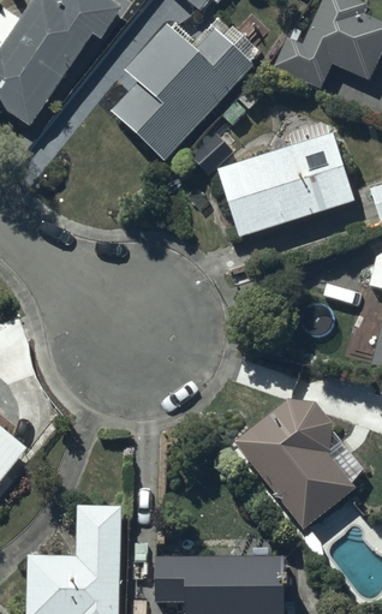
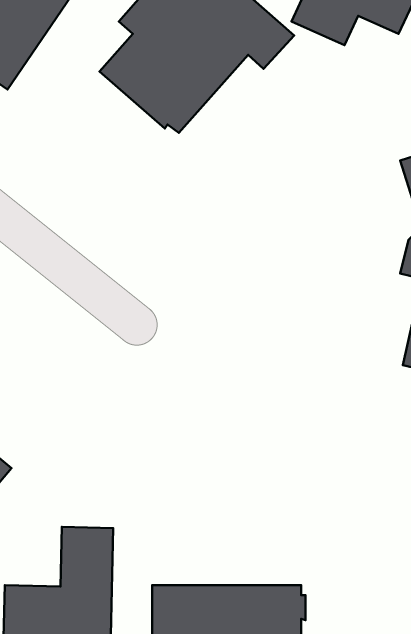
building: [217,121,354,237] -> none
building: [233,398,358,530] -> none

